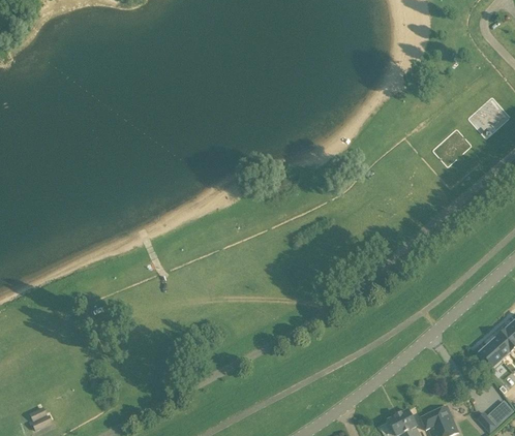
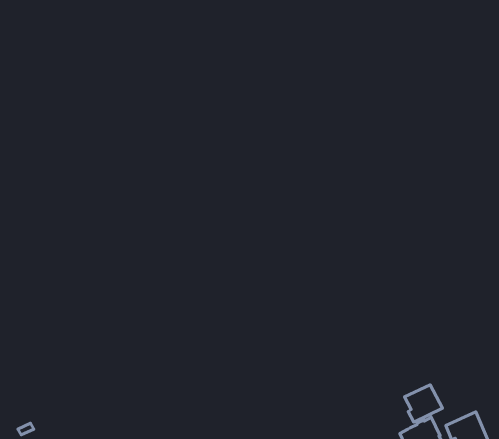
building: none -> [404,385,443,422]

